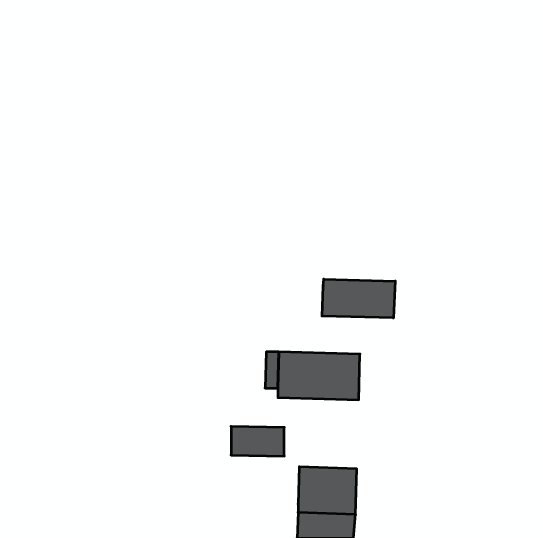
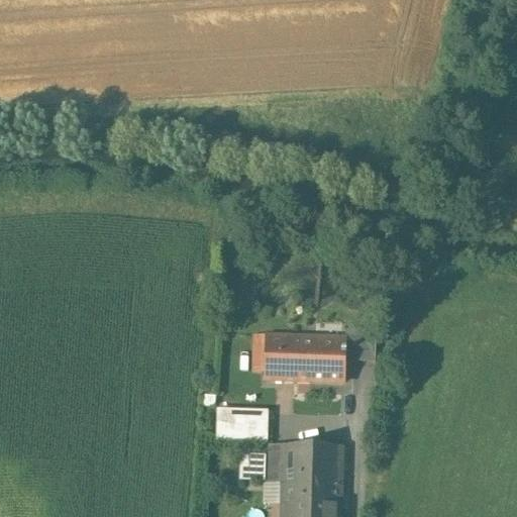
building: [322,279,395,318] -> none
building: none -> [268,443,285,479]

